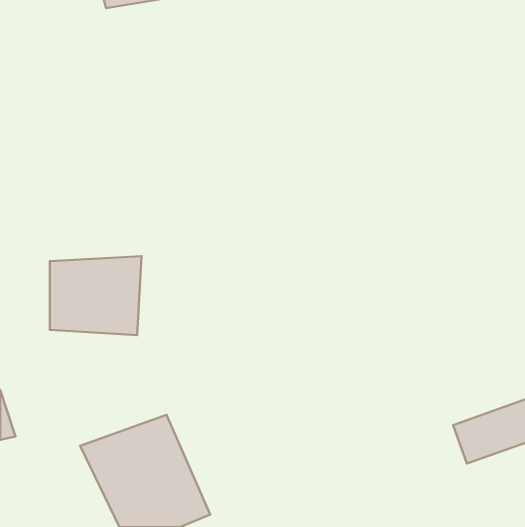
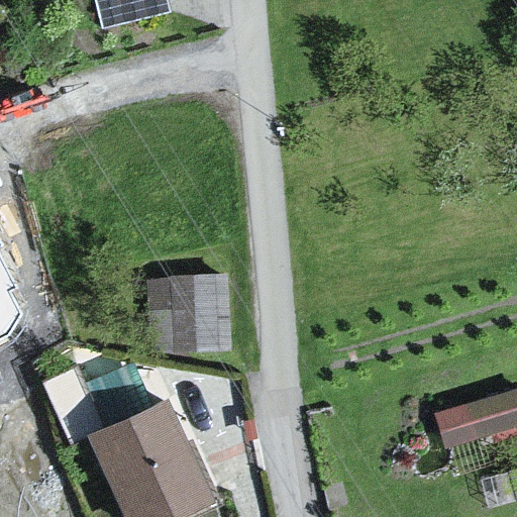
building: [50,256,141,335] -> [148,275,237,351]

